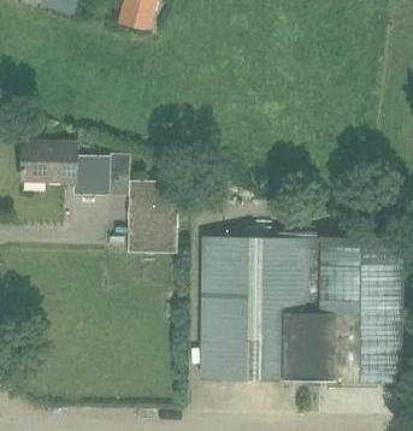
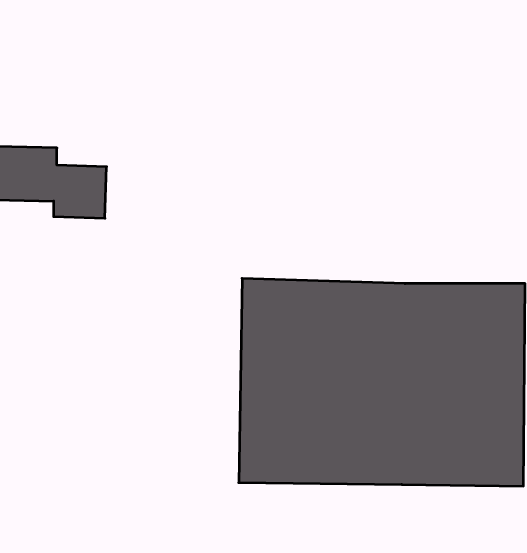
building: [129,182,177,255] -> none

